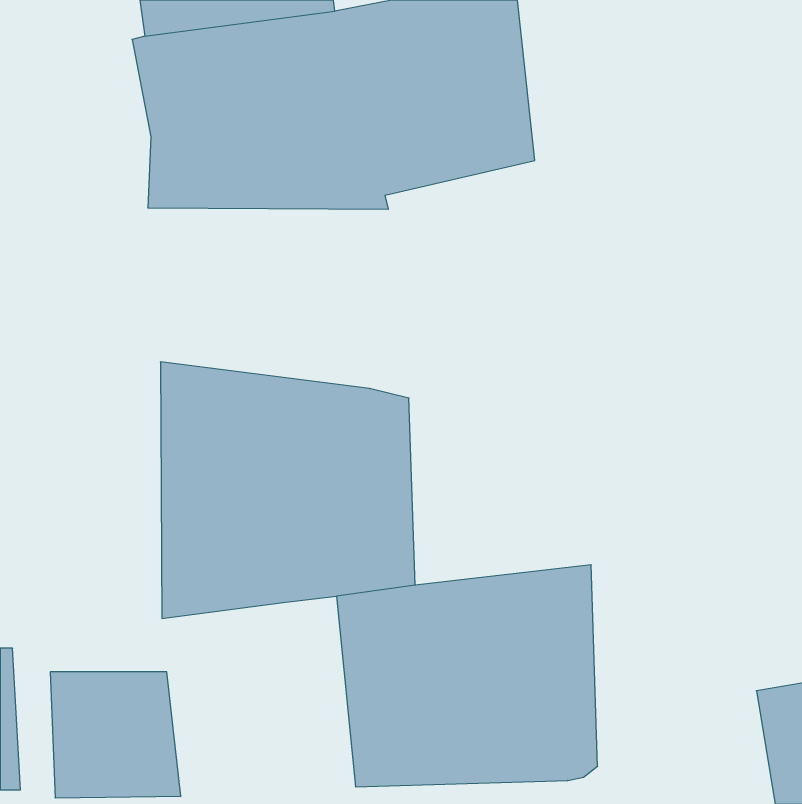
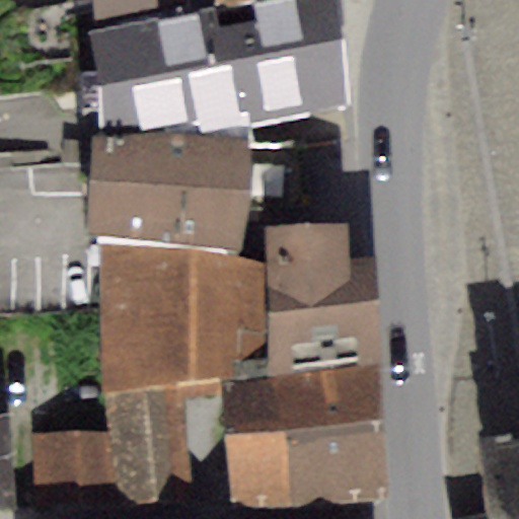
building: none -> [86,134,251,250]
building: none -> [265,222,382,377]
building: none -> [105,388,192,513]

